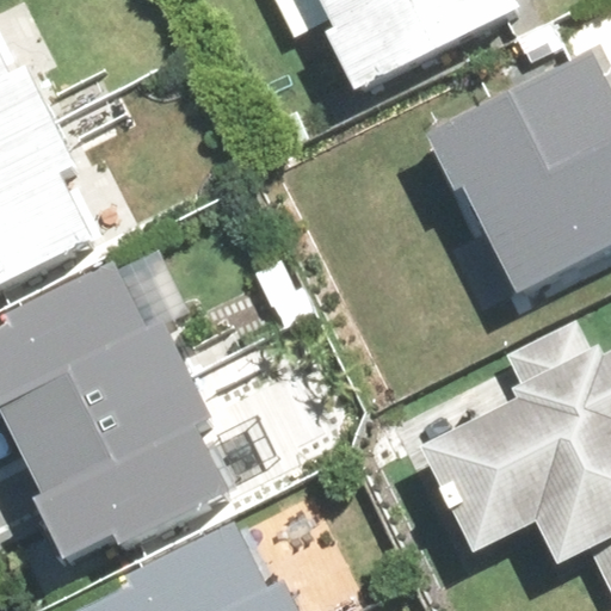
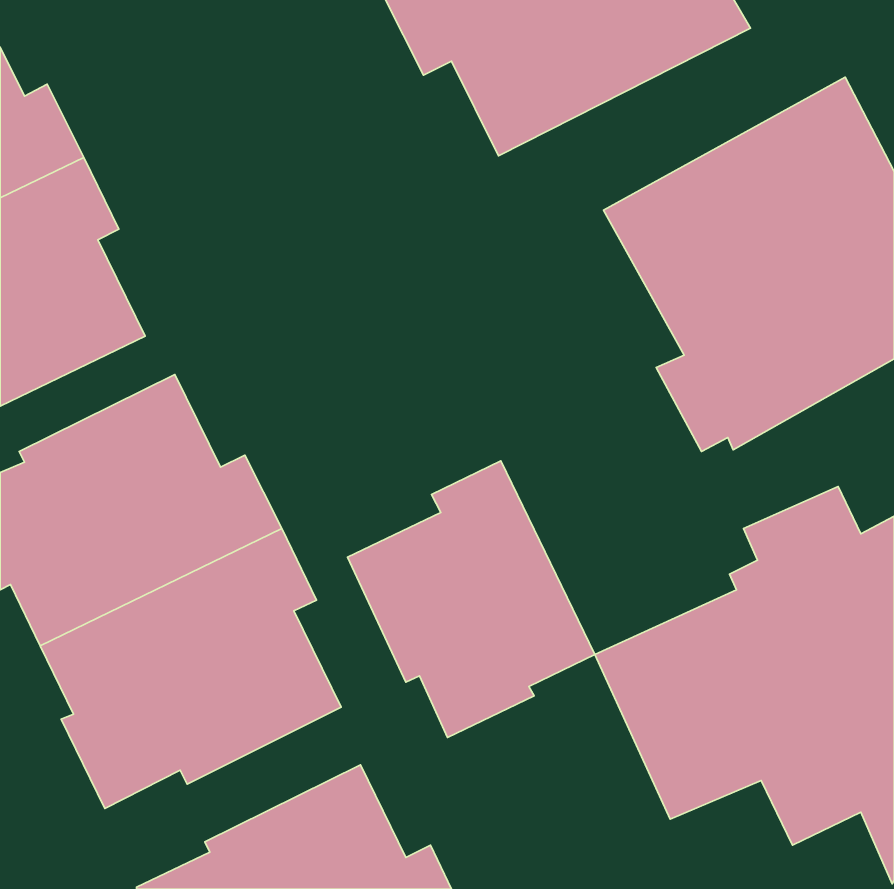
building: none -> [347,461,595,737]

